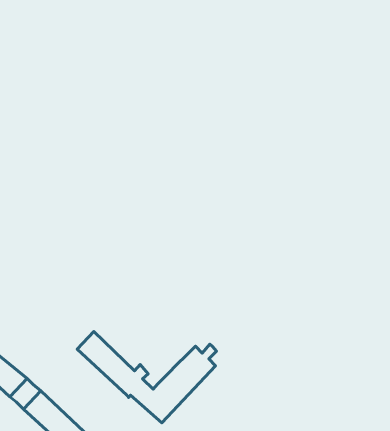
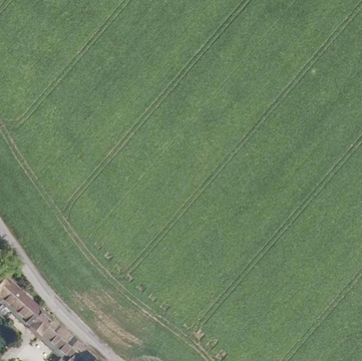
building: [77,331,217,423] -> none

